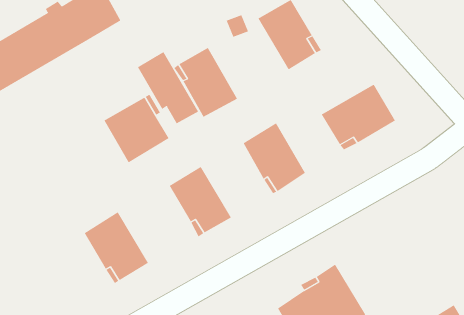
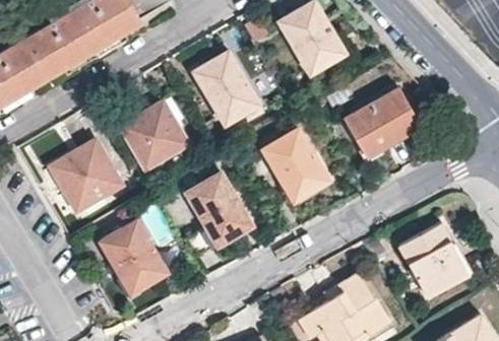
building: [137,51,199,124] -> none
building: none -> [51,143,119,209]
building: none -> [398,224,469,297]

